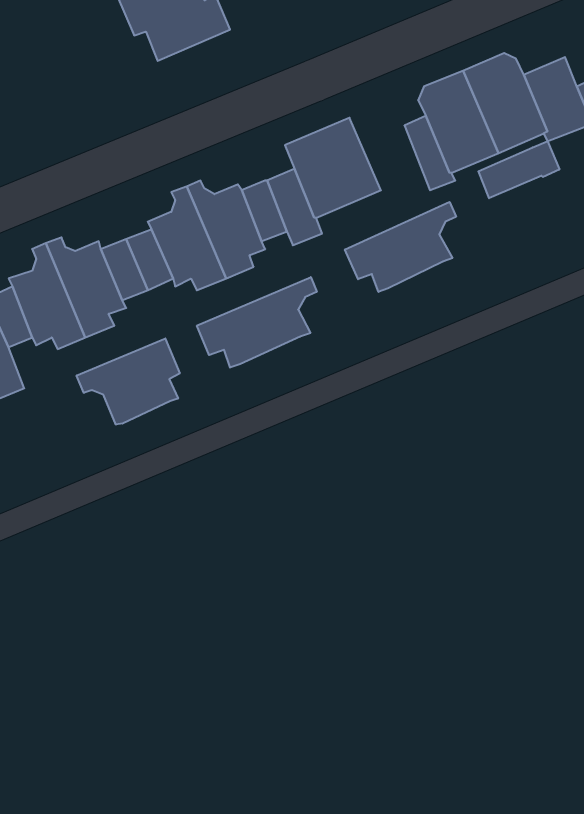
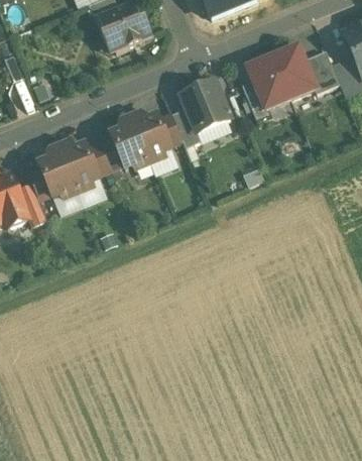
building: [478,141,559,198] -> none
building: [345,202,456,292] -> none
building: [197,277,317,368] -> none
building: [77,338,180,425] -> none

